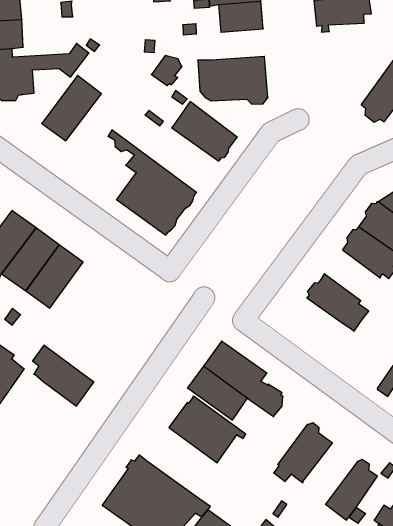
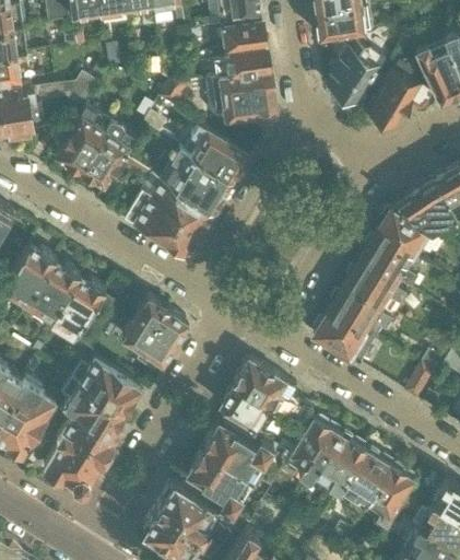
building: none -> [214,46,269,81]
building: none -> [325,43,385,107]
building: none -> [79,122,135,188]
building: none -> [160,149,232,213]
building: none -> [344,259,406,314]
building: none -> [122,298,188,370]
building: none -> [312,310,376,366]
building: none -> [72,353,139,409]
building: none -> [43,412,114,490]
building: none -> [284,419,339,481]
building: none -> [182,448,252,517]
building: none -> [339,451,391,518]

